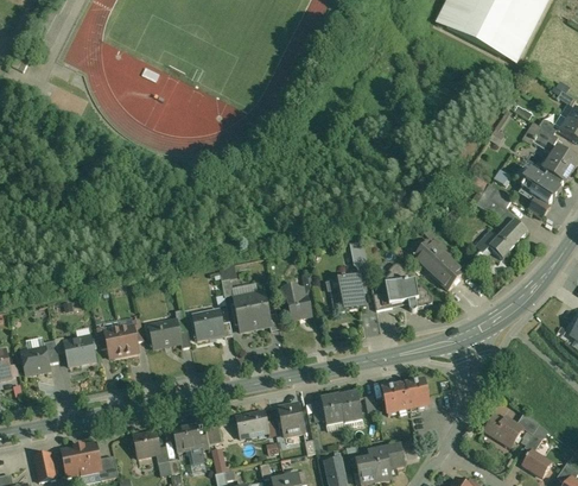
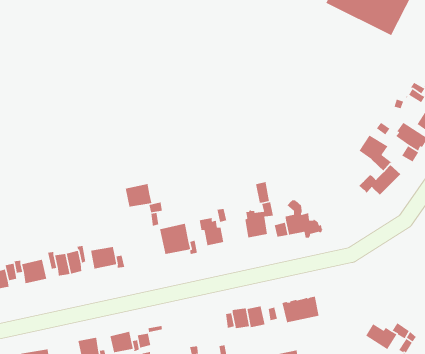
building: [414,240,464,290] -> none
building: [192,309,226,339] -> [125,183,152,208]
building: [278,403,304,436] -> none
building: [236,410,269,437] -> none

